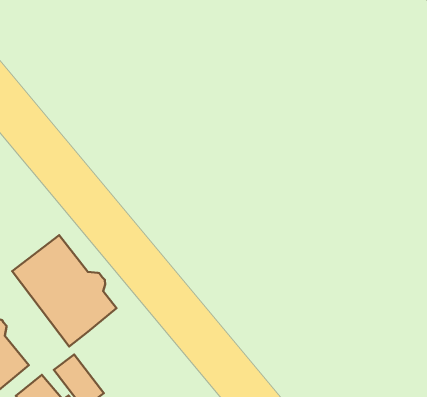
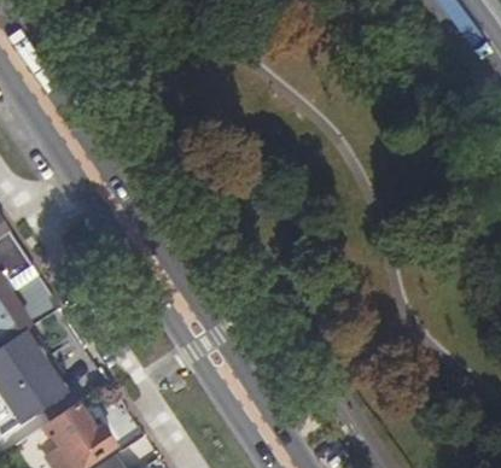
building: [12,235,117,347] -> none

